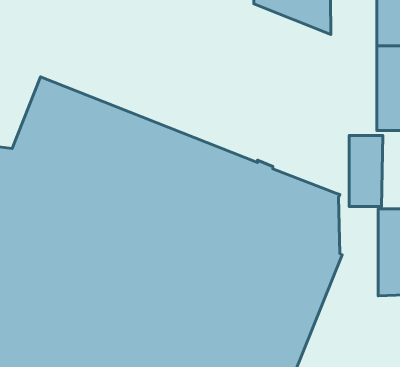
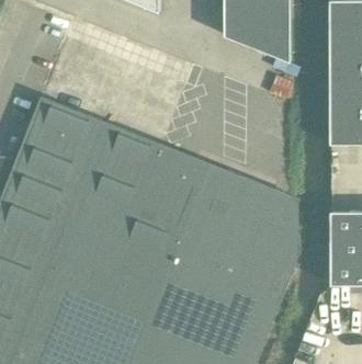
building: [349,135,383,207] -> none

